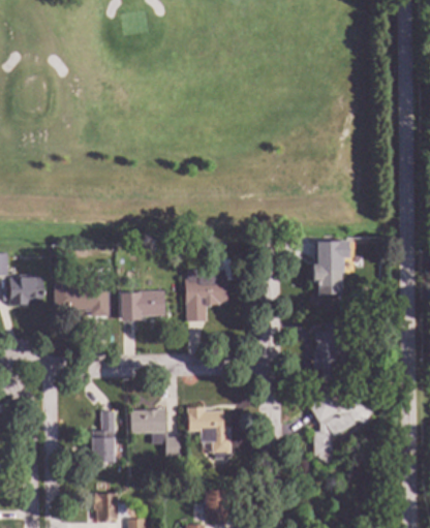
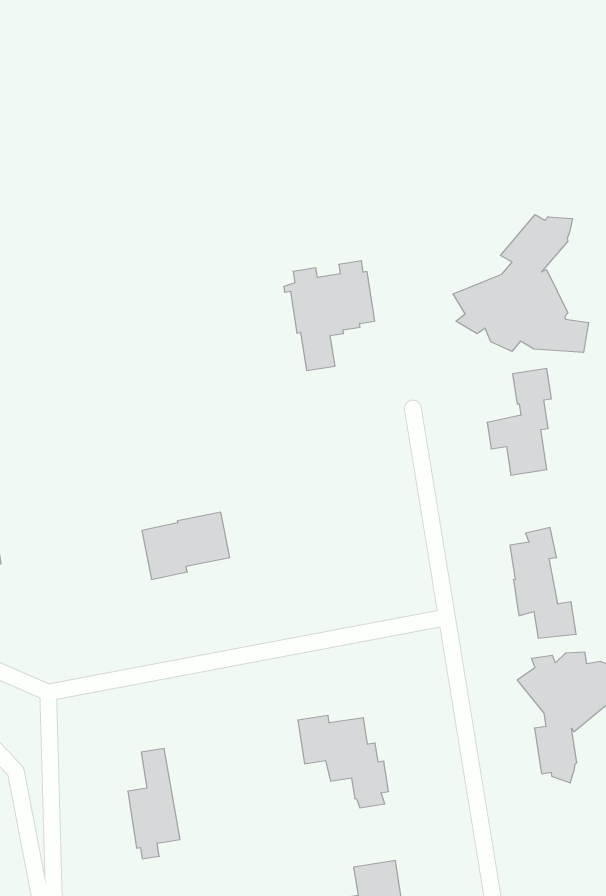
building: none -> [453,215,589,353]
building: [182,270,227,323] -> [284,261,375,370]
building: [55,283,110,316] -> none
building: [131,408,181,456] -> none

